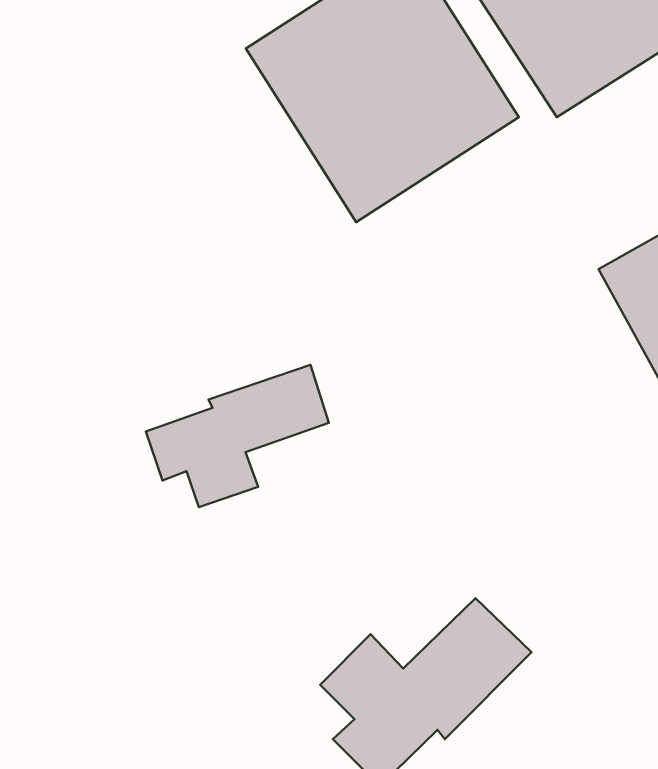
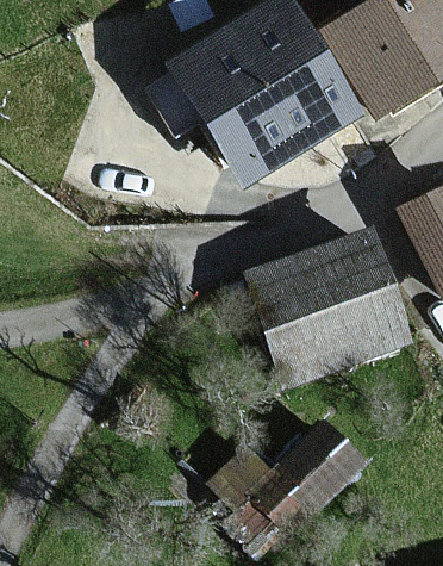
building: none -> [251,235,404,382]
building: [146,365,329,507] -> none

